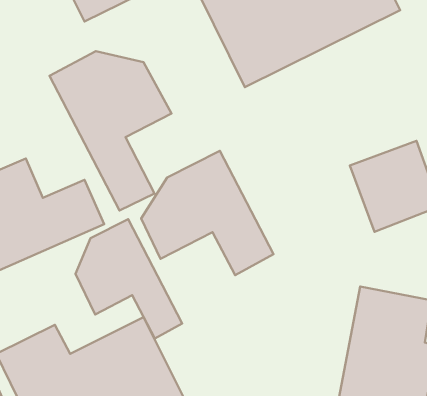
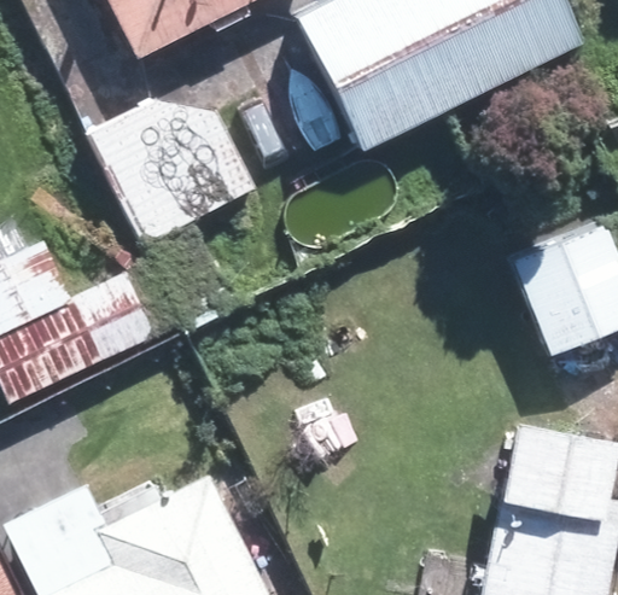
building: [141,151,274,275] -> none
building: [75,219,182,339] -> none

